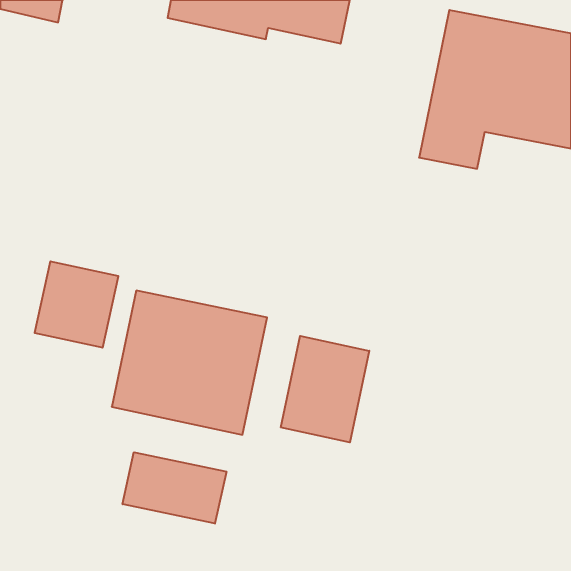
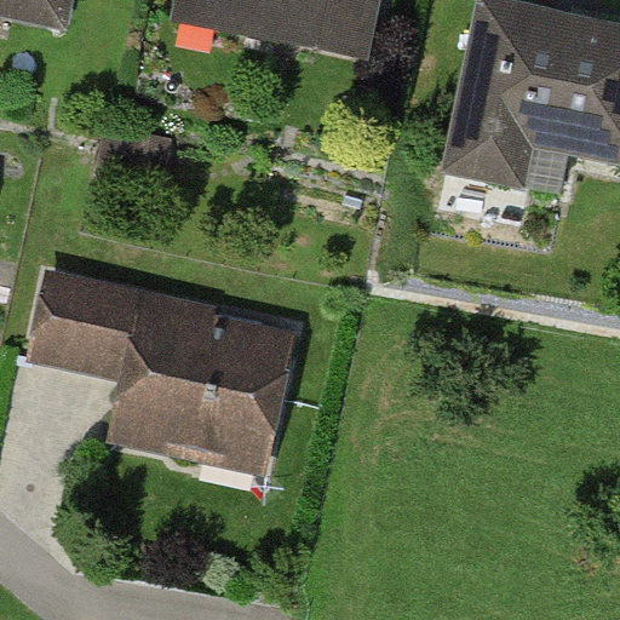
building: [281,336,369,442] -> none
building: [123,452,226,524] -> none

